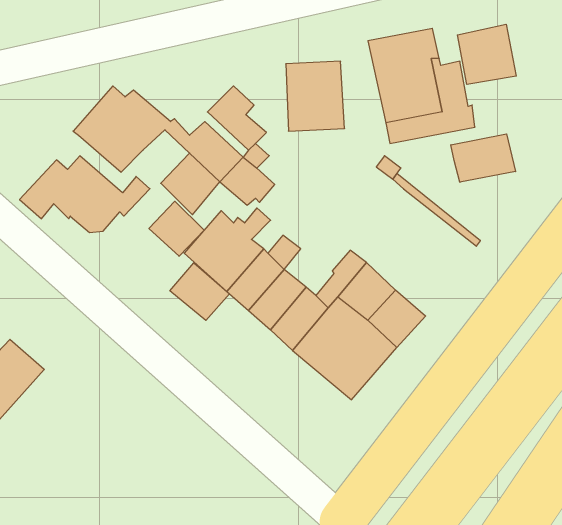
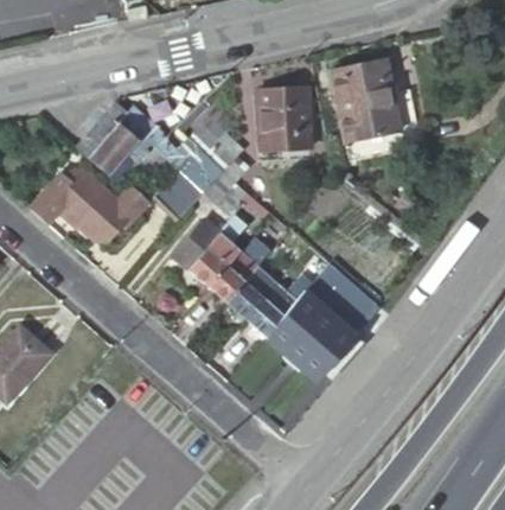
building: [457,24,516,84] -> none
building: [451,134,516,182] -> none
building: [149,201,204,256] -> none
building: [170,263,229,320] -> none

